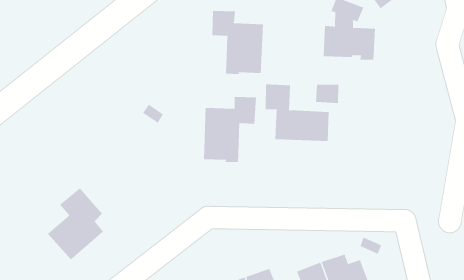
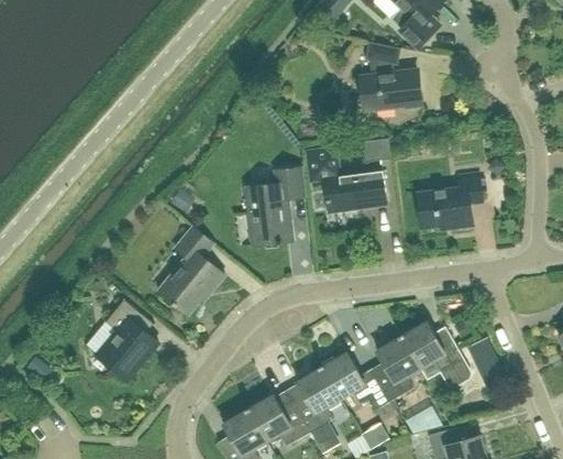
building: [212,10,263,75] -> none
building: none -> [418,173,483,228]
building: none -> [157,227,224,315]

